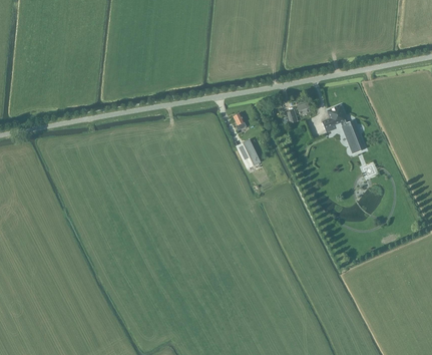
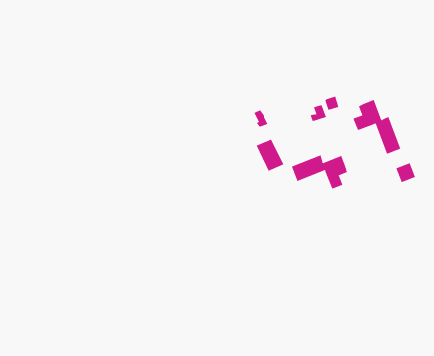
building: none -> [291,155,348,190]

